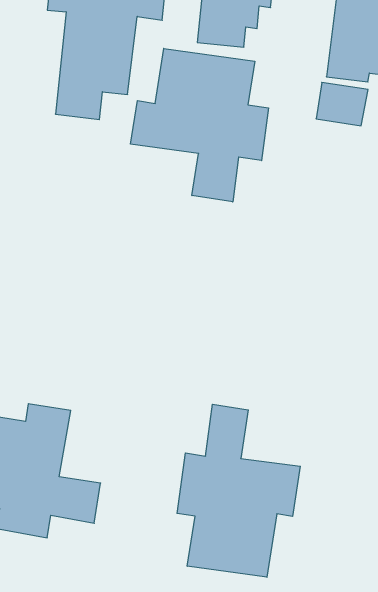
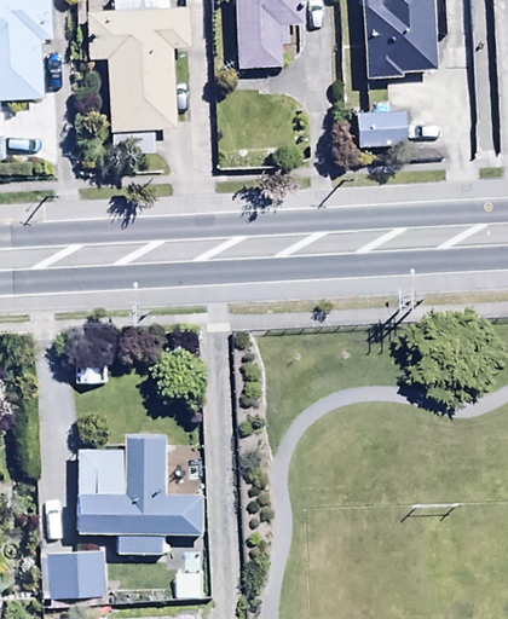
building: [131,48,268,202] -> none
building: [177,404,300,577] -> none

